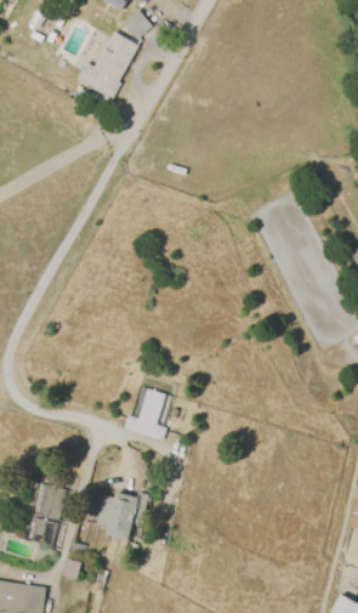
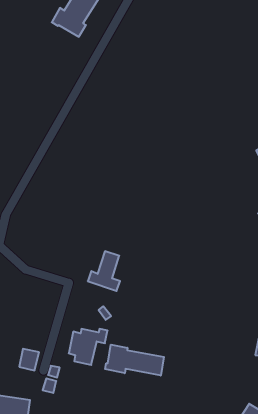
building: [38,483,67,520] -> none
building: none -> [105,345,164,376]

